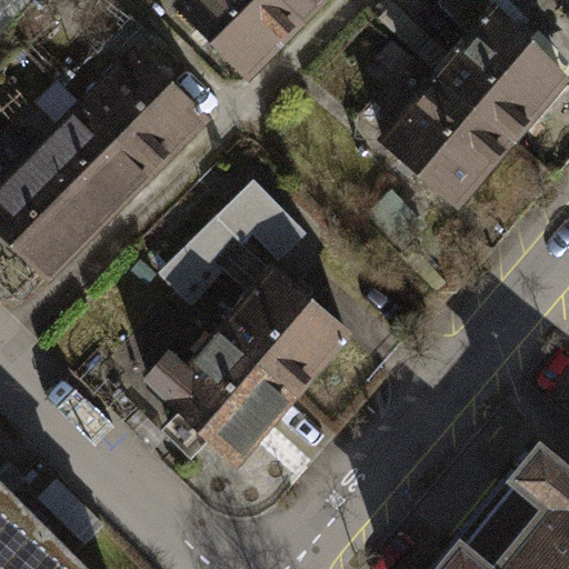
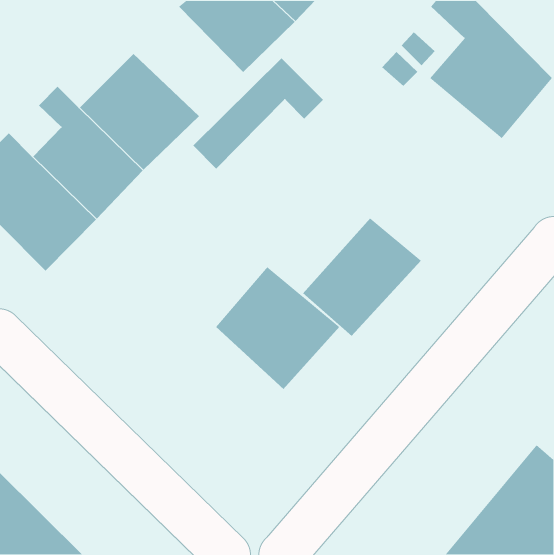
building: [385,80,513,207] -> none
building: [162,183,297,298] -> [192,57,324,169]
building: none -> [302,218,422,337]
building: [152,335,290,461] -> none

